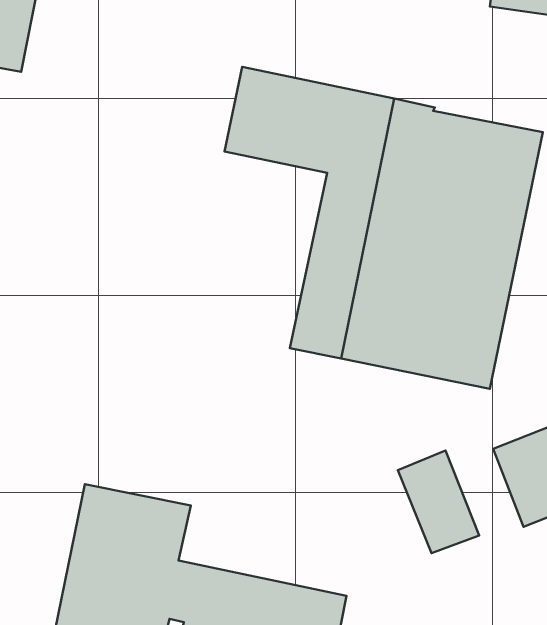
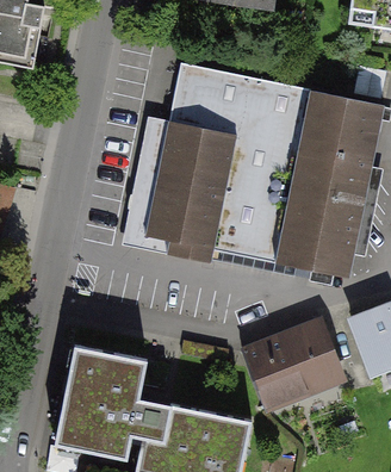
building: none -> [122,116,238,265]
building: none -> [244,335,309,408]

